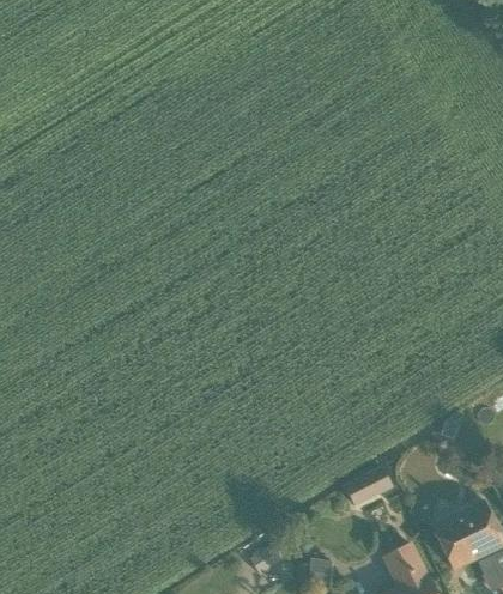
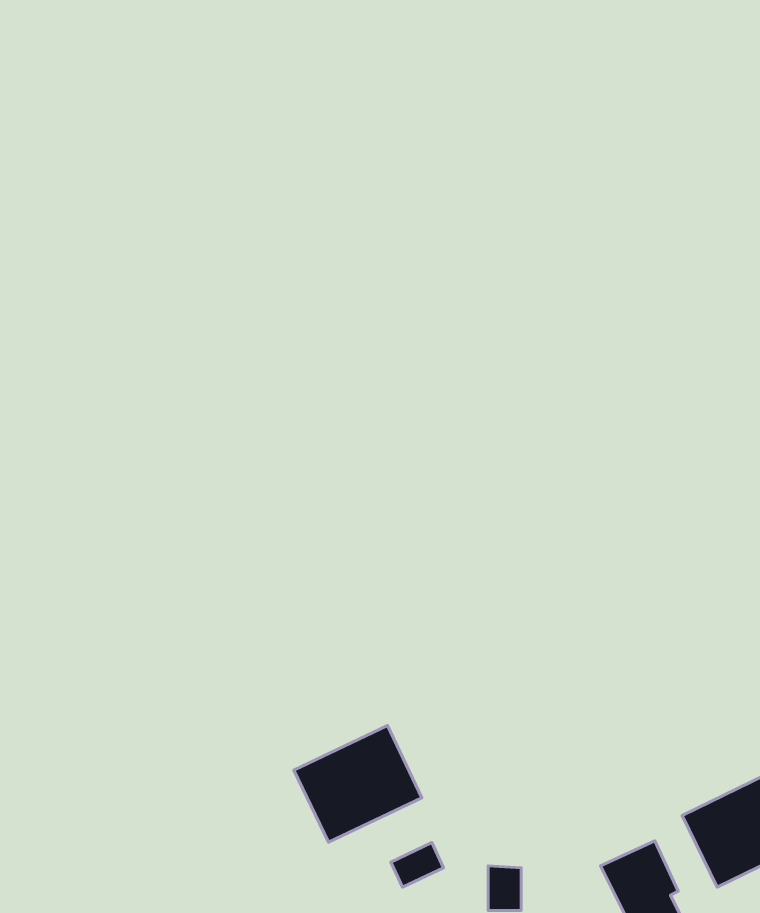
building: [344,463,396,507] -> none
building: none -> [294,725,422,842]

